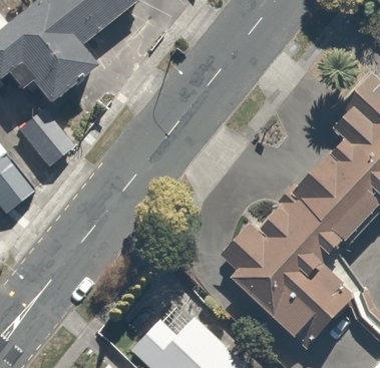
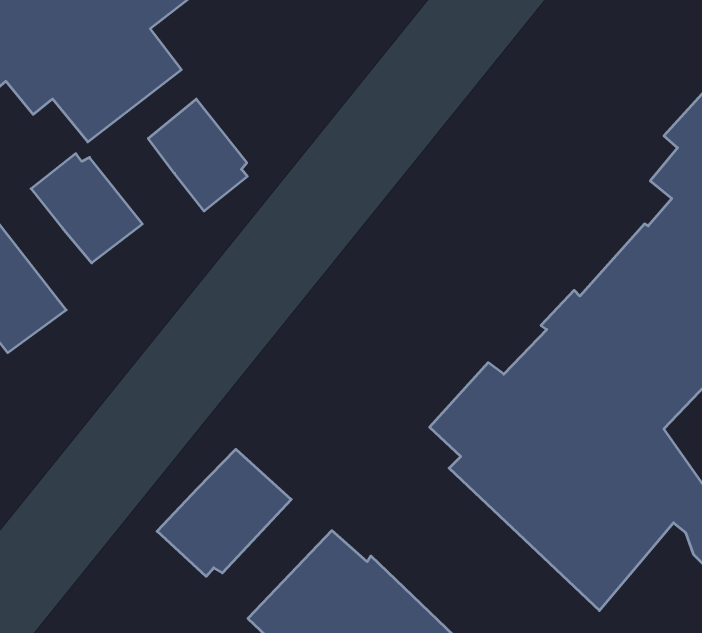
building: none -> [148,99,247,211]
building: none -> [157,449,291,576]

